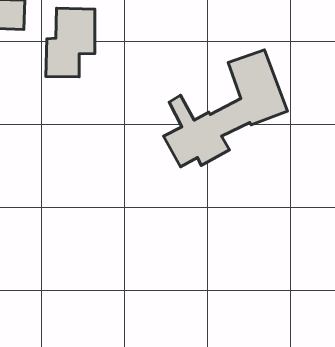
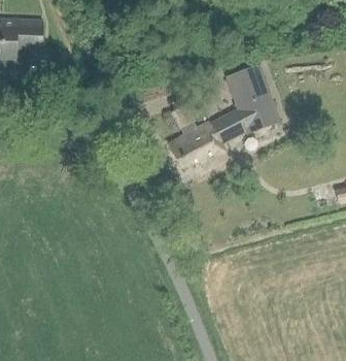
building: [46,8,95,77] -> none

